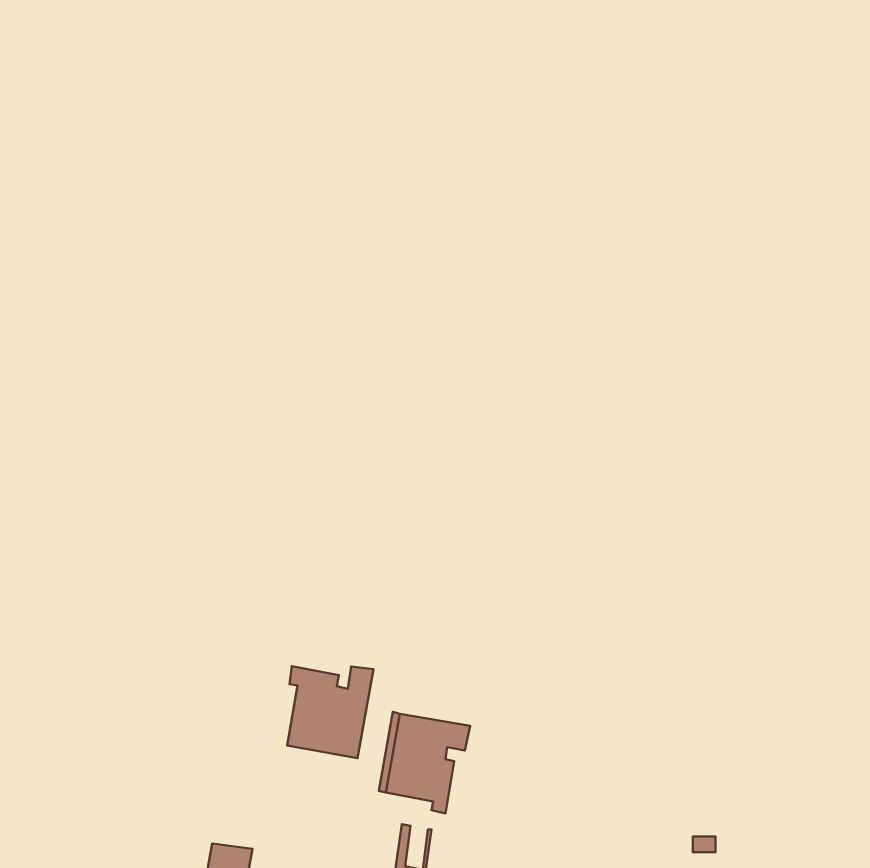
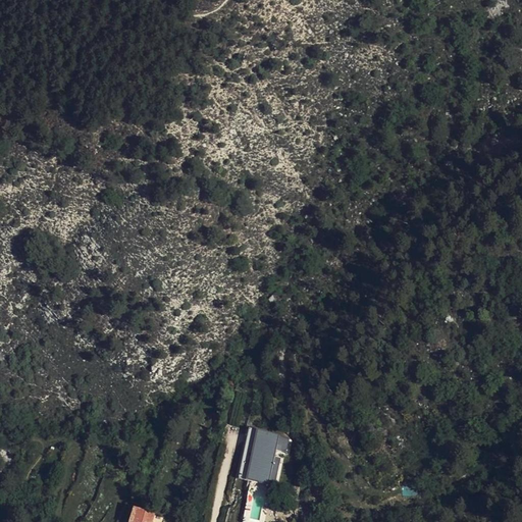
building: [287,666,374,758] -> none

